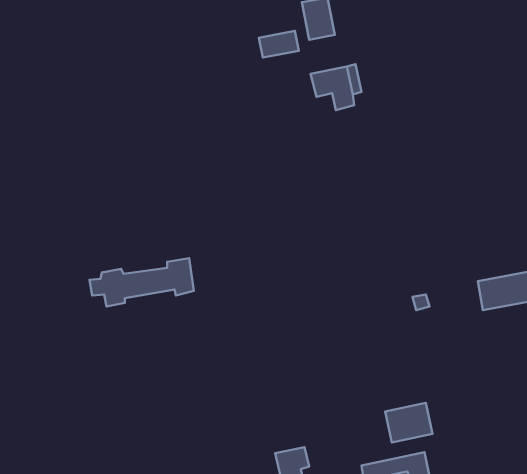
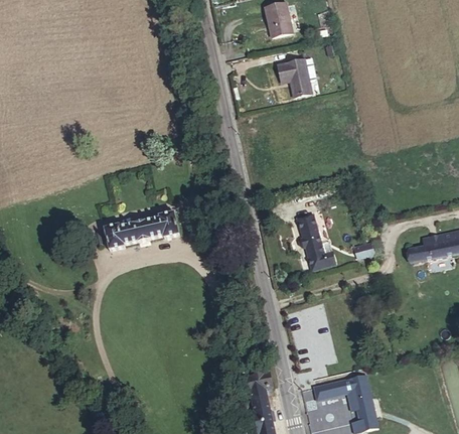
building: [259,31,299,58] -> none
building: none -> [301,221,338,273]
building: [385,403,433,442] -> none

